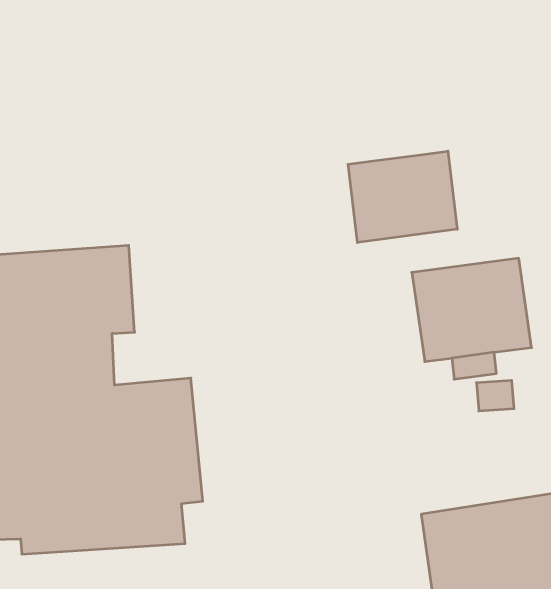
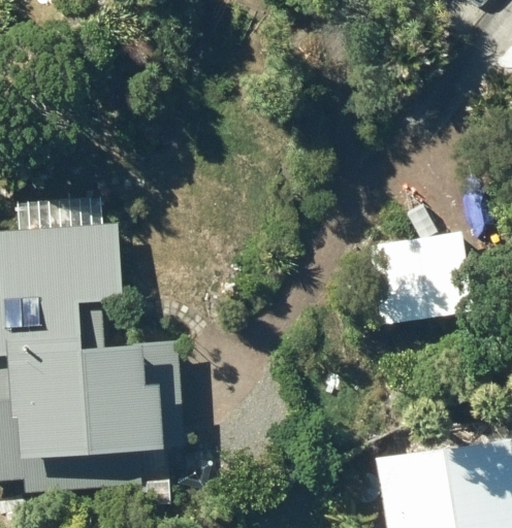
building: [348,151,457,243] -> none

